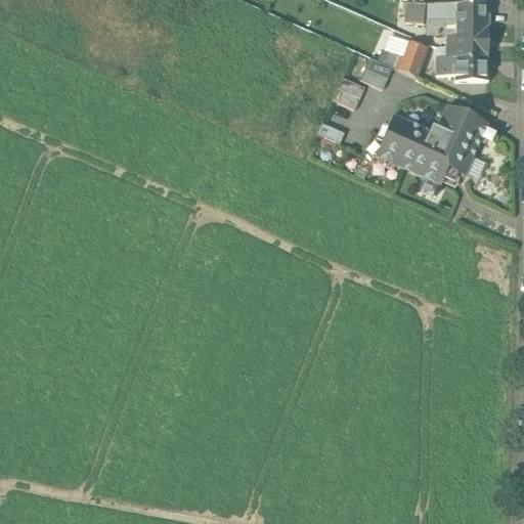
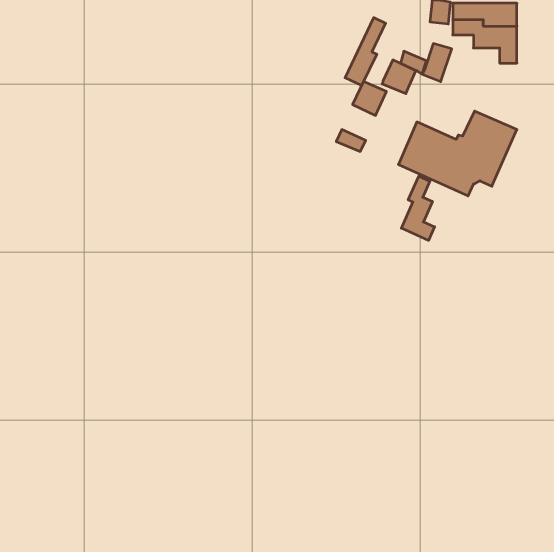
building: none -> [345,18,386,86]
building: [437,45,488,80] -> none
building: none -> [401,176,435,240]

